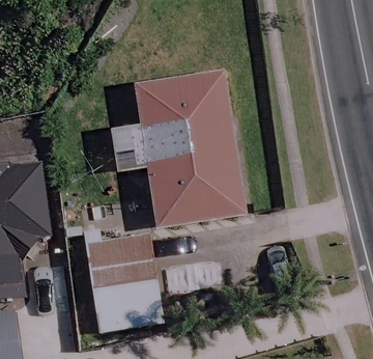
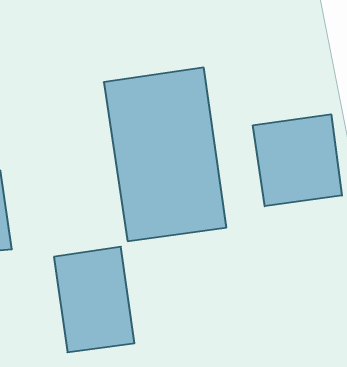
building: none -> [253,114,342,206]

